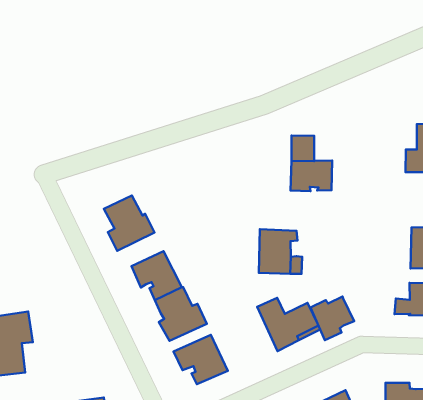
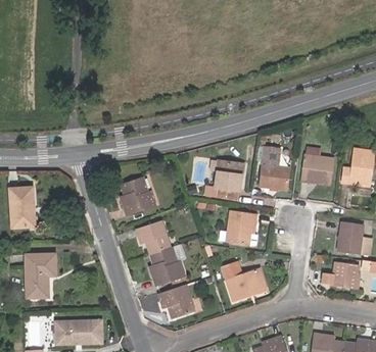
building: none -> [301,153,334,184]
building: none -> [206,162,243,200]
building: [311,296,354,340] -> none

